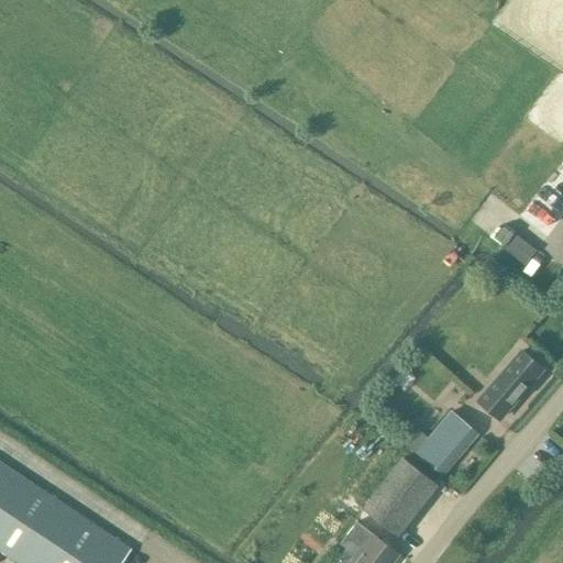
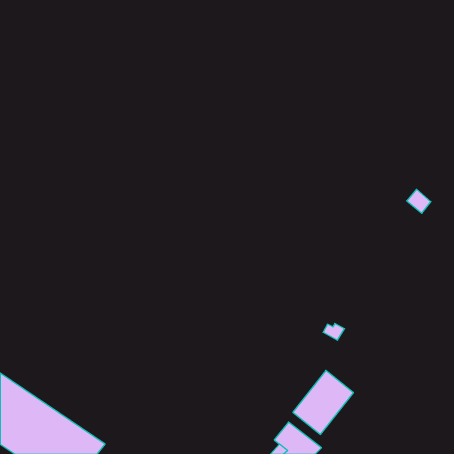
building: [482,346,542,419] -> none
building: [407,412,473,472] -> none

